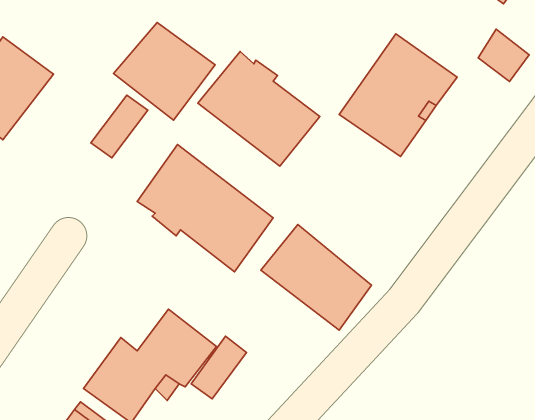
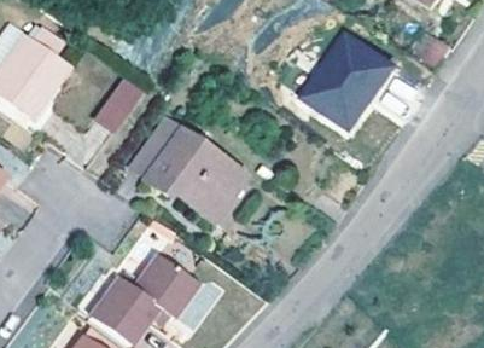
building: [113,22,215,120] -> none
building: [198,51,320,166] -> none
building: [261,225,372,330] -> none

